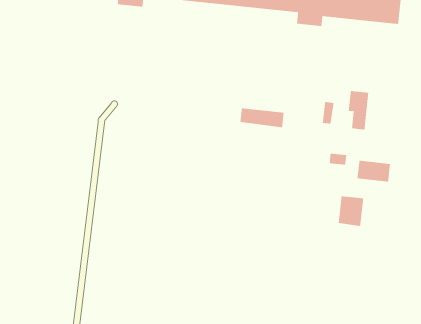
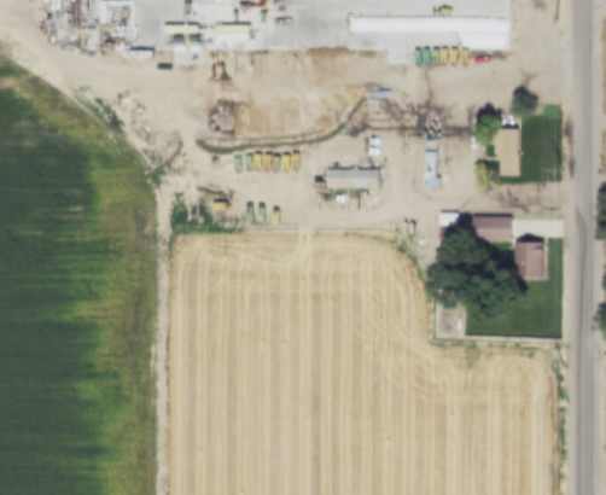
building: [348,90,369,130] -> [496,122,519,168]
building: [338,195,364,227] -> [515,235,543,270]

